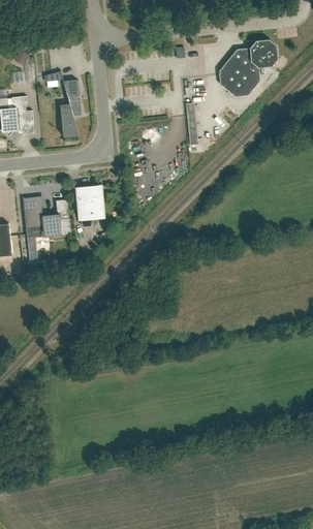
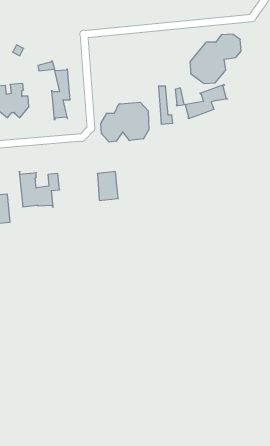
building: none -> [176,84,228,119]
building: none -> [101,102,149,142]
building: [79,186,102,219] -> [97,172,118,200]

